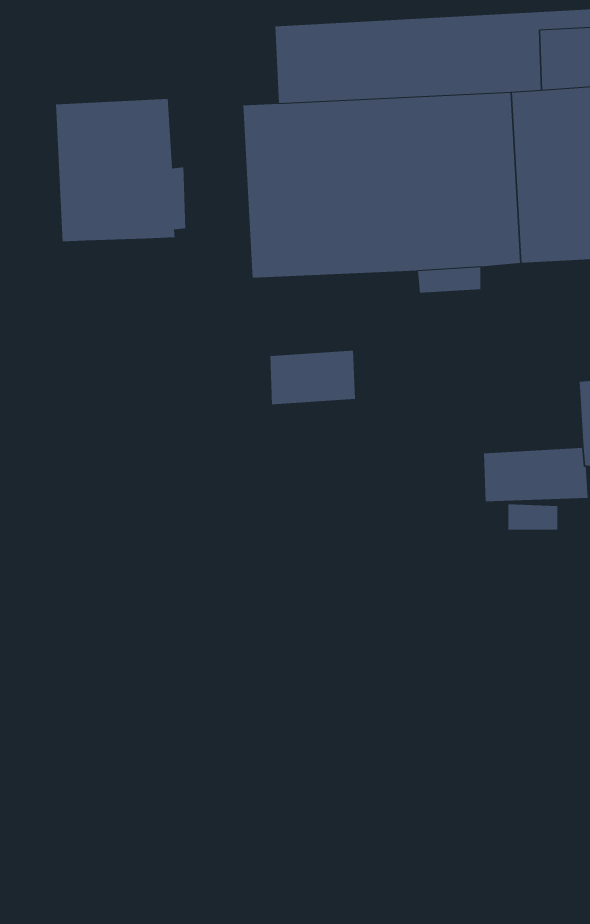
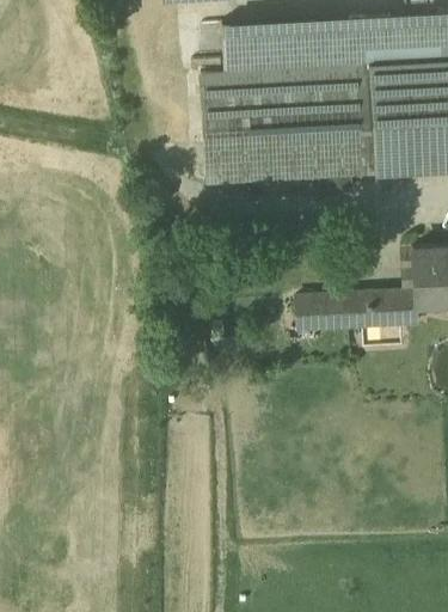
building: [55,98,186,242] -> none
building: [269,350,356,405] -> [299,295,354,330]

